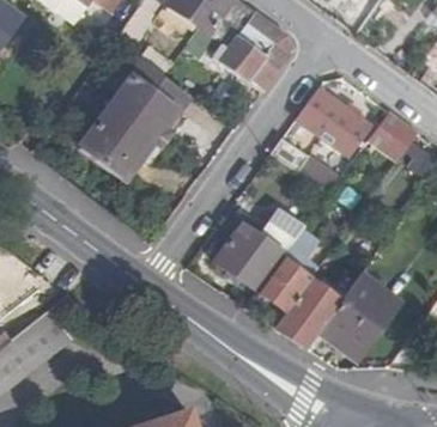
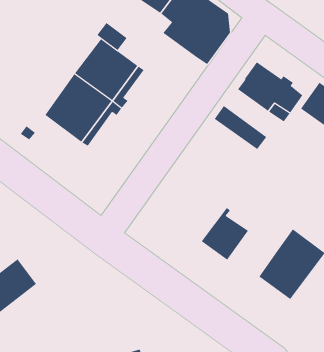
building: [213,208,304,291] -> none
building: [274,279,341,349] -> none

